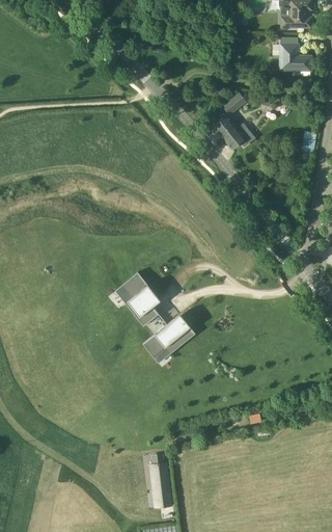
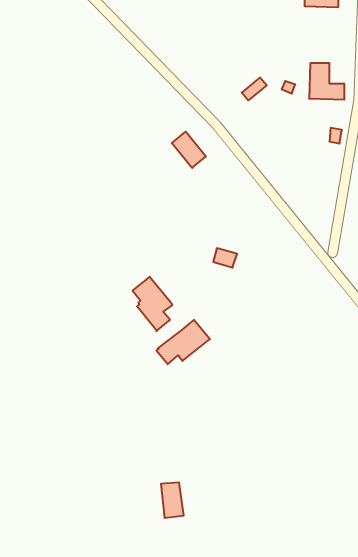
building: [279,37,311,71] -> [309,63,344,100]
building: [214,116,245,150] -> [172,132,206,168]

